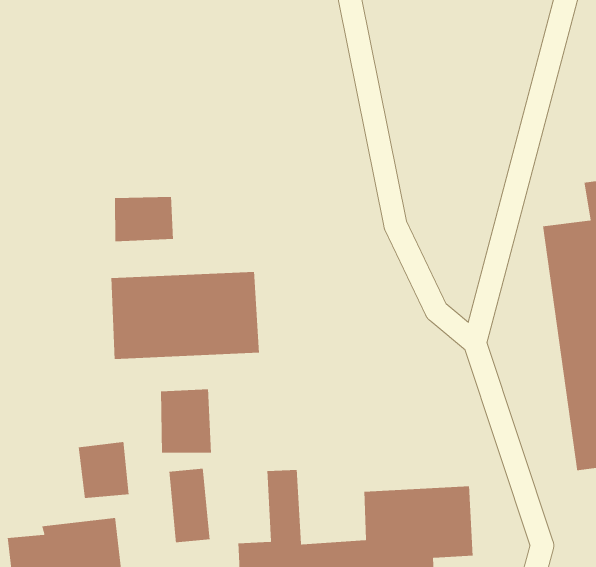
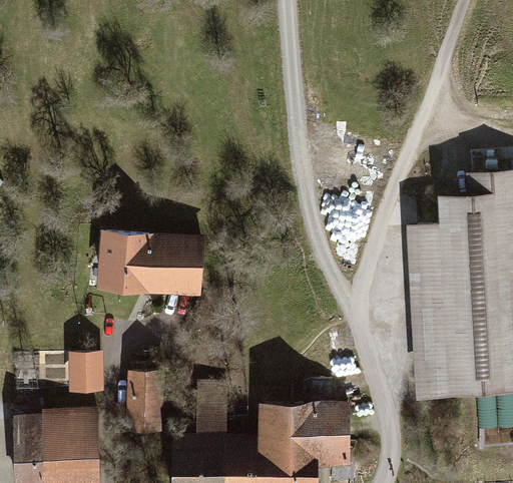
building: [114,196,174,242] -> none
building: [160,389,212,454] -> none

